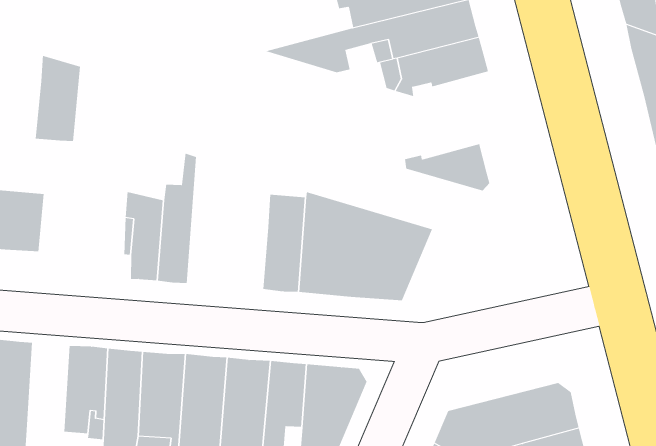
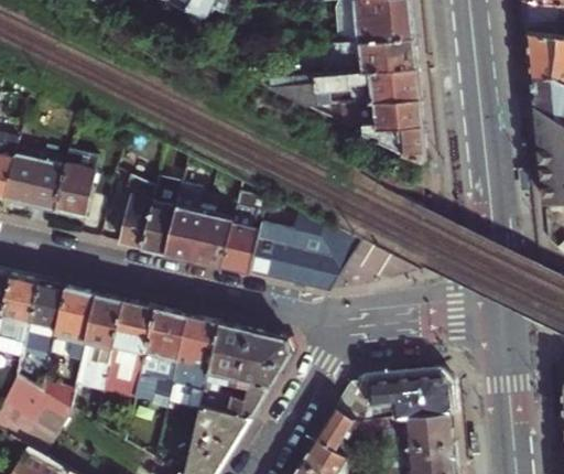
building: [35,55,81,142] -> [53,147,97,217]
building: [404,143,490,191] -> [361,123,425,161]
building: none -> [164,155,232,266]
building: none -> [23,280,65,353]

